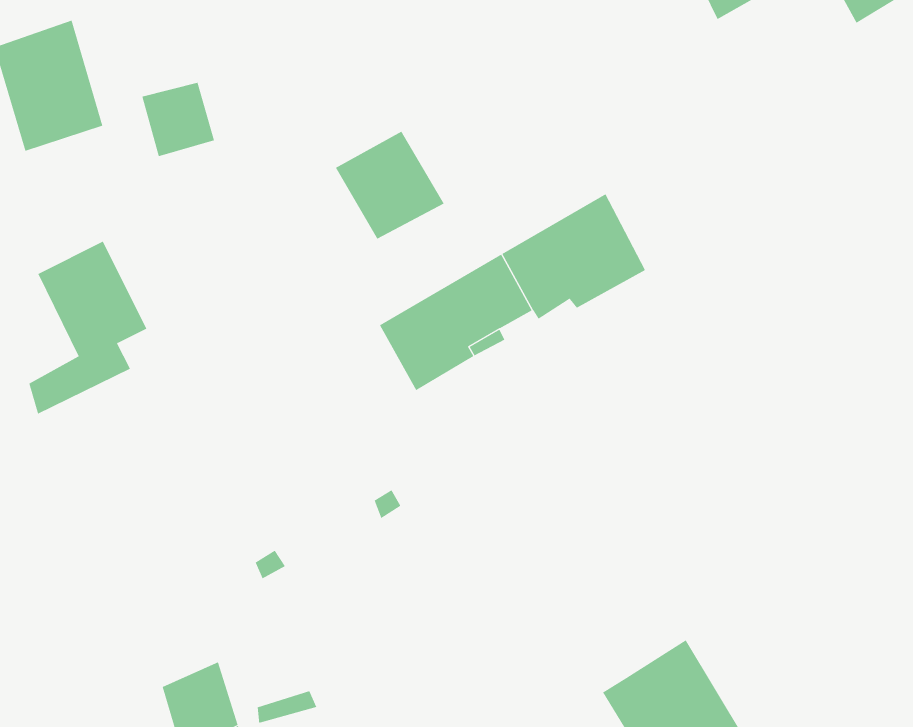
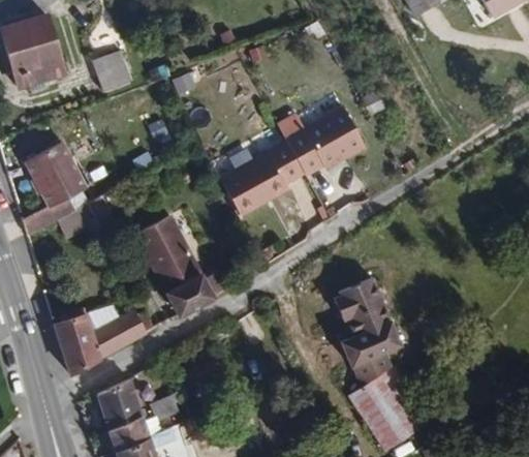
building: [335,131,444,240] -> none
building: none -> [138,219,210,317]
building: none -> [329,273,403,386]
building: none -> [54,312,151,374]

